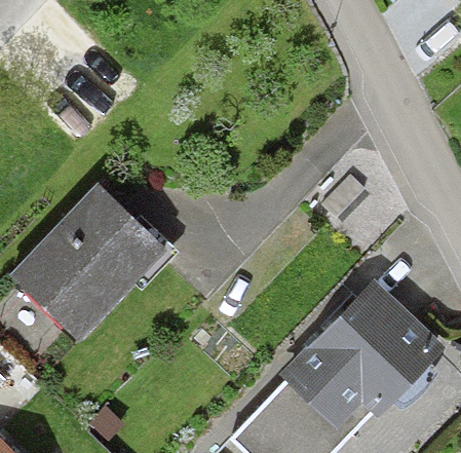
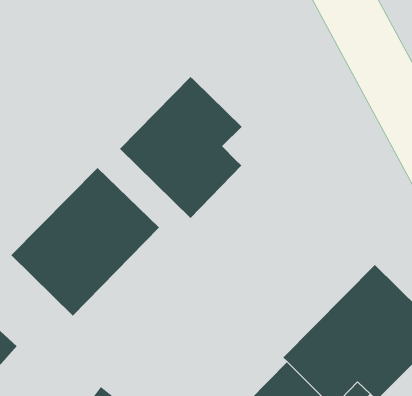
building: none -> [119,76,243,219]

